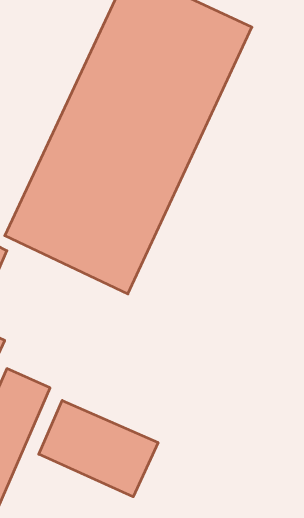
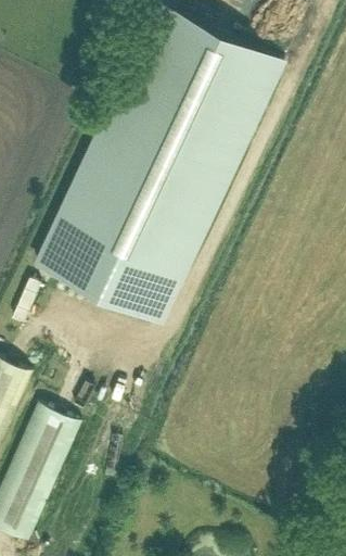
building: [39,400,158,497] -> none

